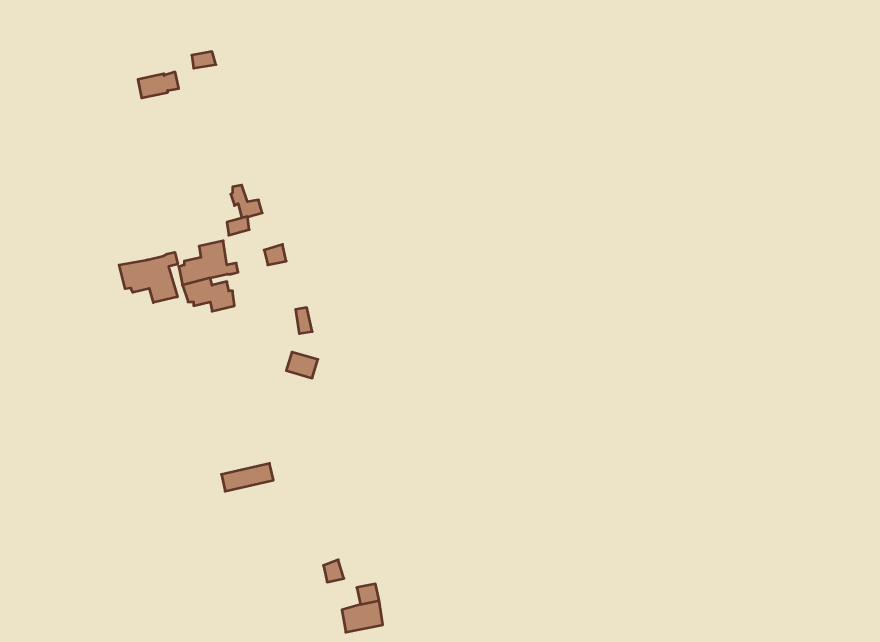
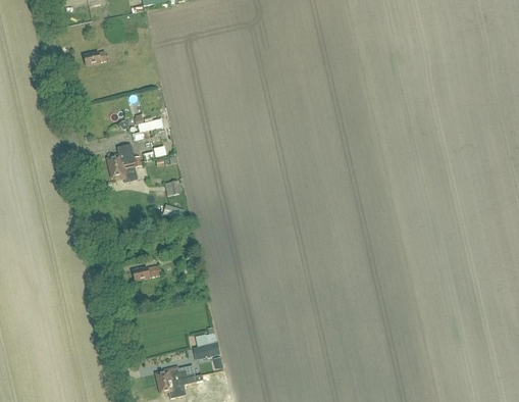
building: [119,252,178,303] -> none

